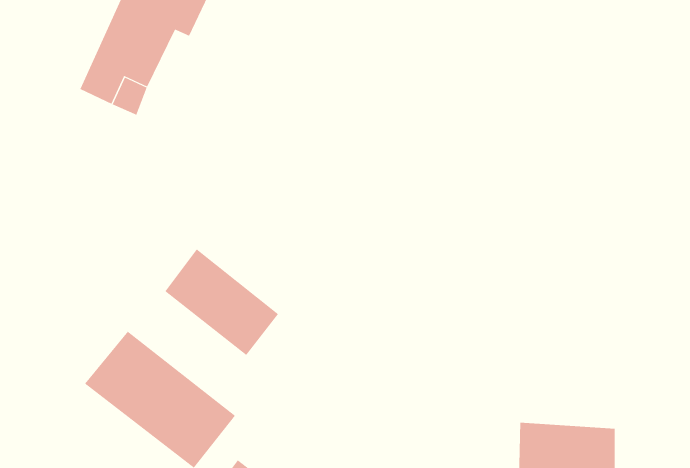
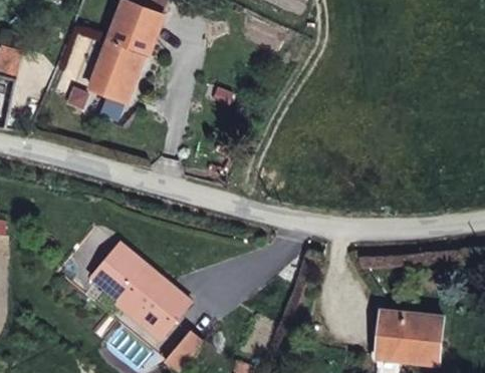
building: [164,248,279,356] -> none

